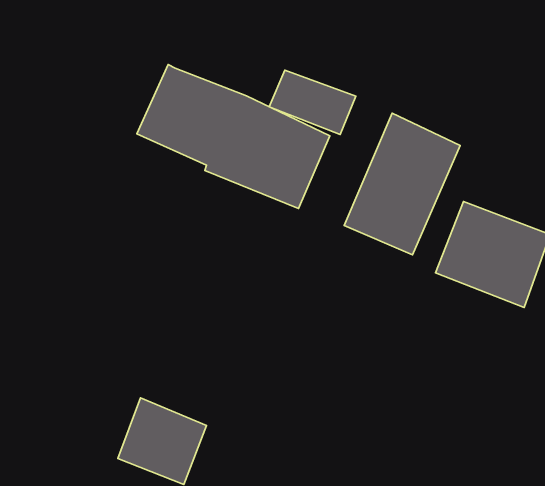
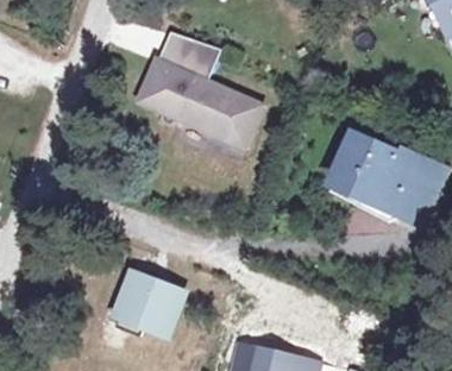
building: [269,70,356,134] -> [156,26,215,70]
building: [344,113,460,255] -> none

